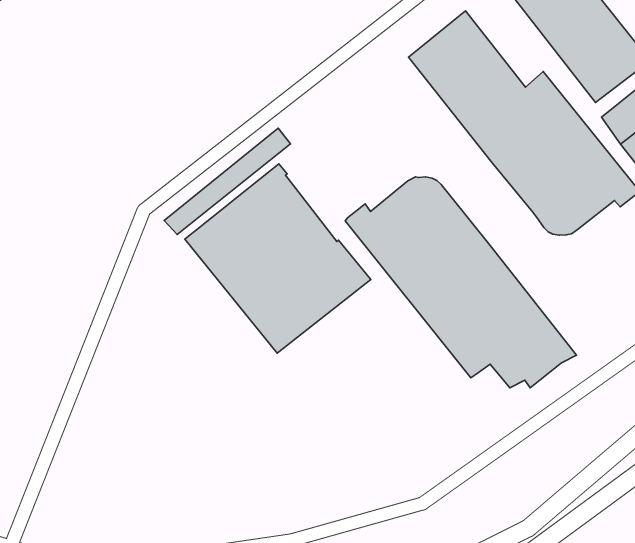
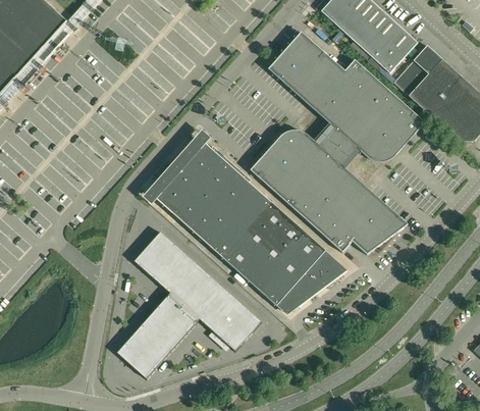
building: none -> [312,120,363,170]
building: none -> [223,203,346,307]
building: none -> [117,233,260,378]

